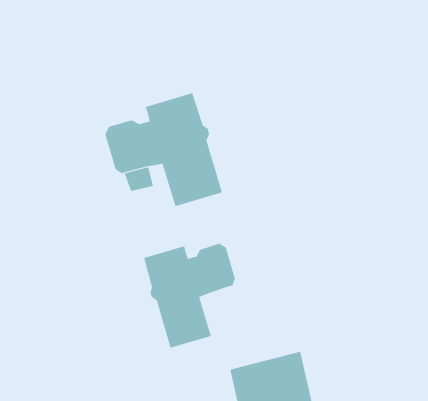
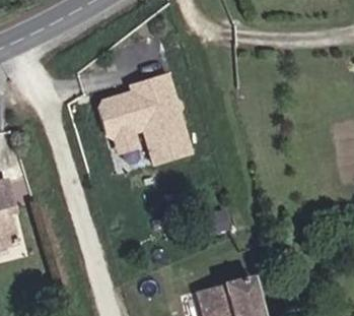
building: [143,243,236,349] -> none

